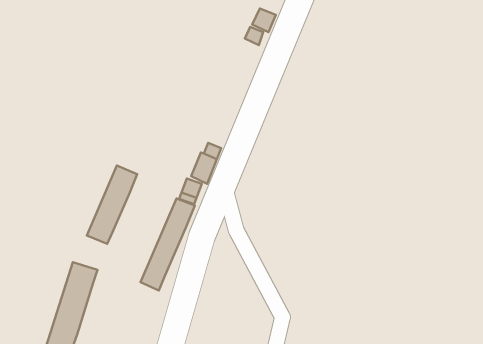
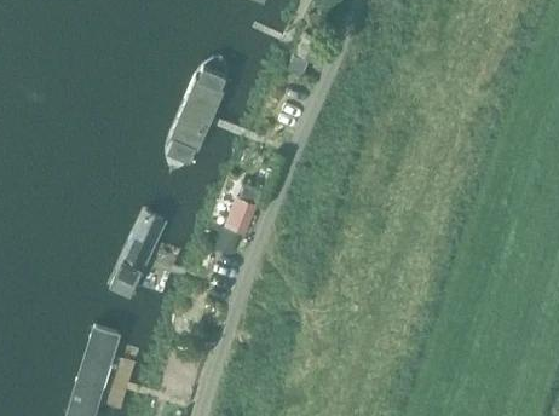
building: none -> [165,58,229,171]
building: [141,199,195,290] -> none

